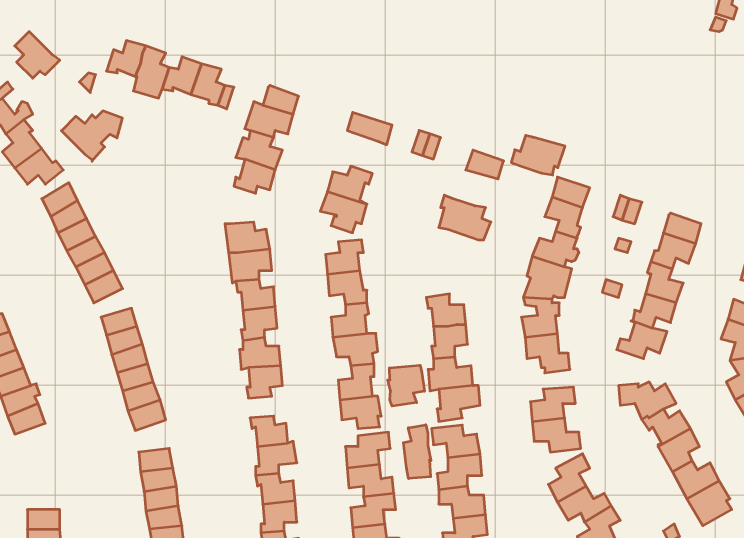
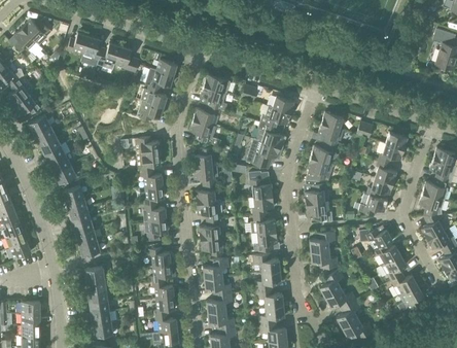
building: [61,111,122,161] -> [23,16,58,45]
building: none -> [201,84,227,111]
building: [511,135,565,175] -> [260,106,291,129]
building: none -> [247,139,283,169]
building: [388,365,424,406] -> none
building: [403,425,431,479] -> none

